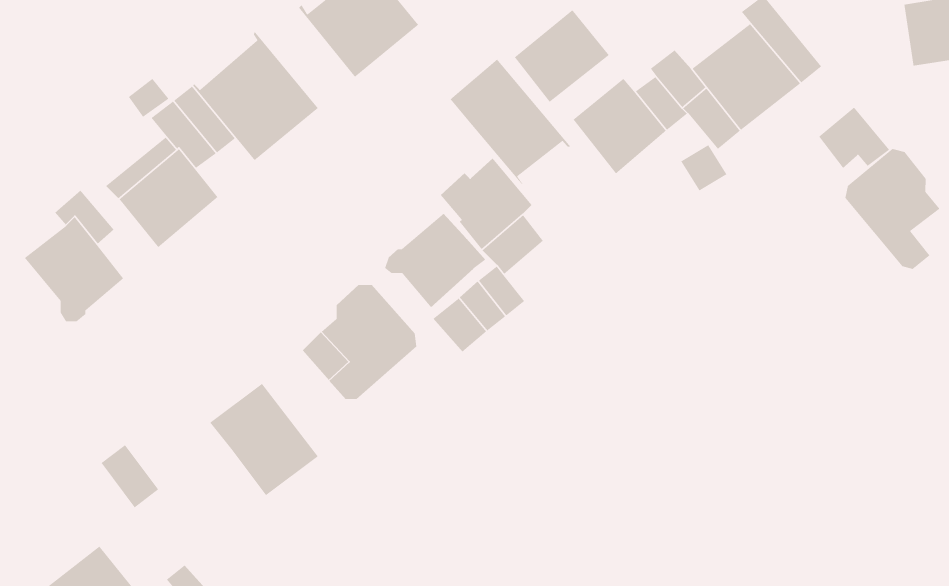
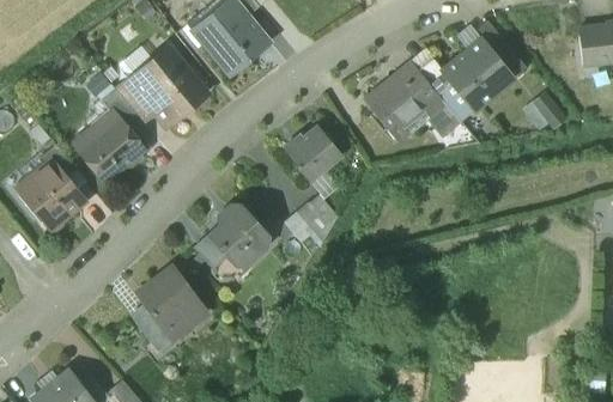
building: [514,9,610,103] -> none
building: [450,59,571,185] -> none
building: [845,148,940,270] -> none
building: [384,213,486,308] -> none
building: [101,444,159,508] -> [135,310,172,351]

